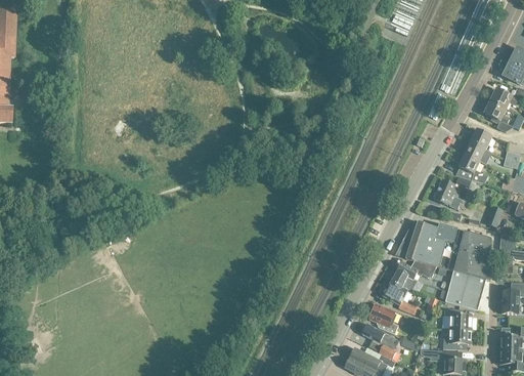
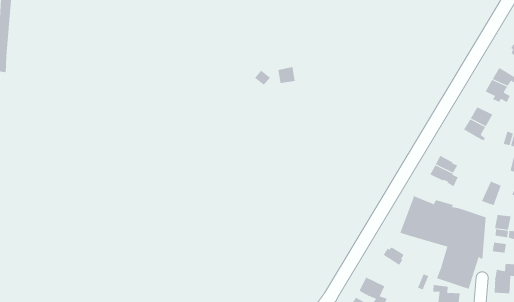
building: [457,153,488,183] -> none
building: [396,261,436,280] -> none
building: [383,281,421,316] -> none

